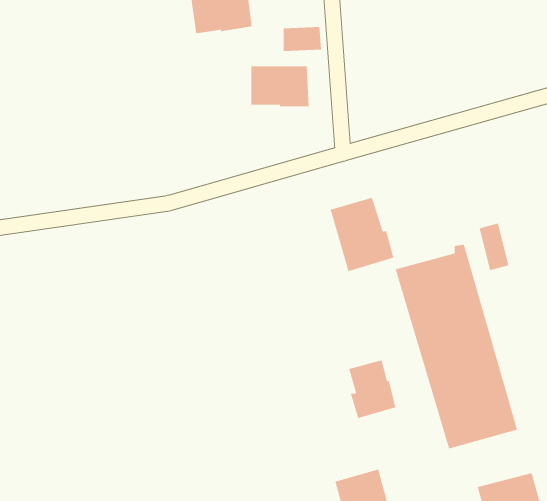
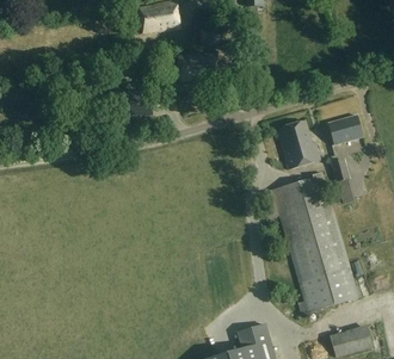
building: none -> [327,114,362,144]
building: [330,197,394,272] -> [276,119,319,169]
building: [348,360,396,419] -> none

